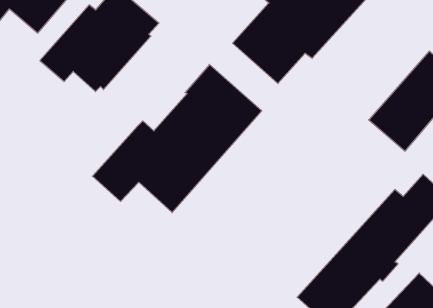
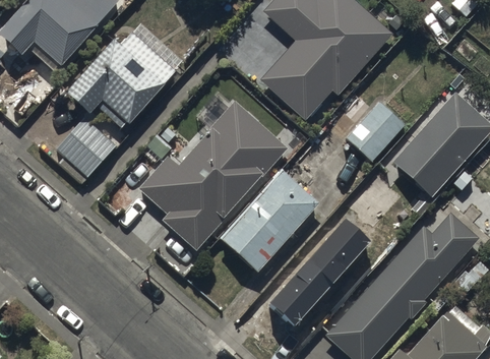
building: none -> [345,102,404,163]
building: none -> [56,120,115,183]
building: none -> [220,174,319,276]
building: none -> [270,214,370,321]

